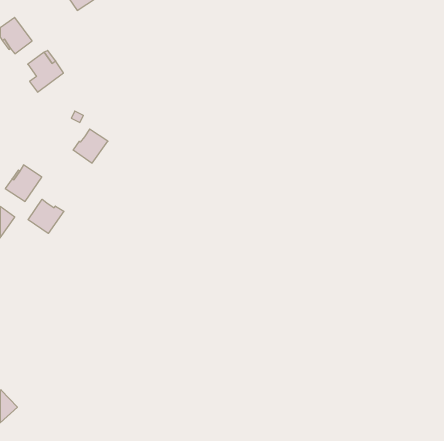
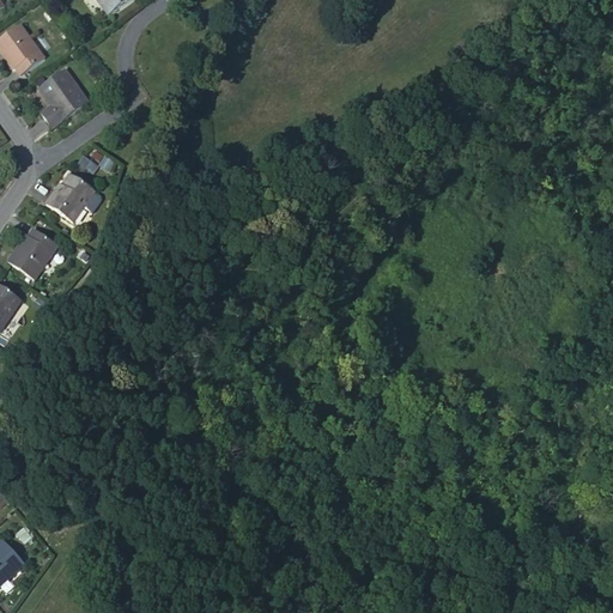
building: [73,129,108,163] -> [47,174,95,220]
building: [28,199,64,233] -> none

